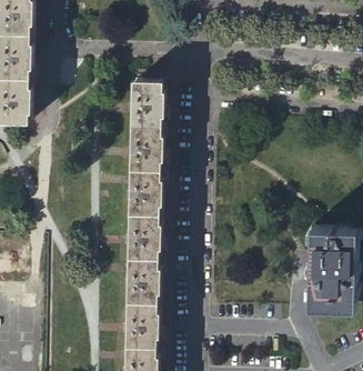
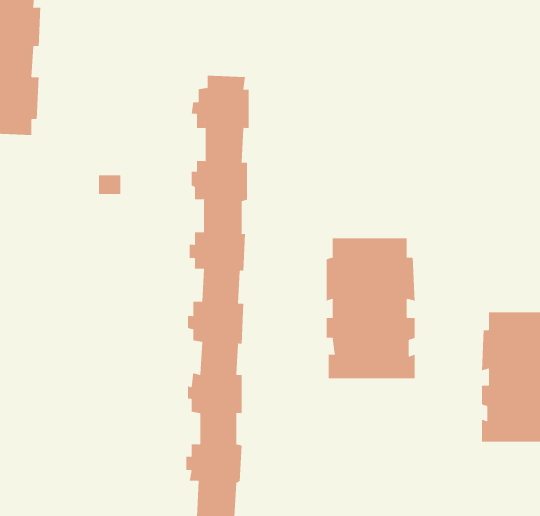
building: none -> [326,237,415,379]

